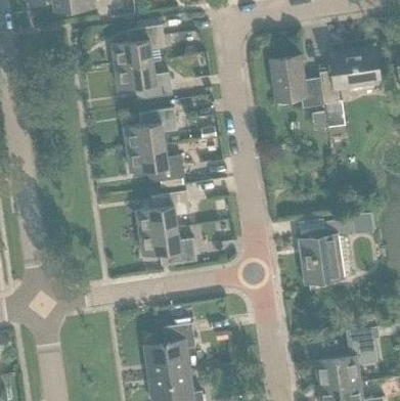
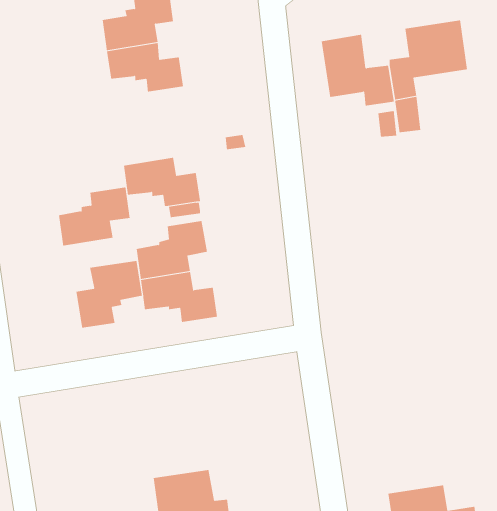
building: [124,106,176,149] -> [58,187,130,246]
building: [297,209,373,281] -> none
building: none -> [76,260,142,329]
building: [143,322,195,375] -> none
building: [315,324,377,387] -> none

